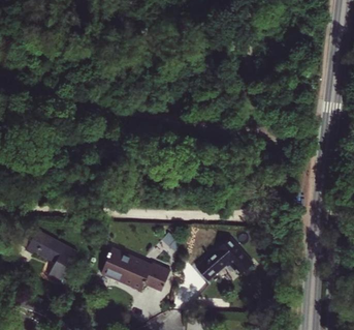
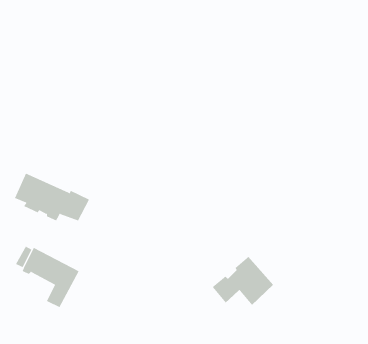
building: [101,246,169,290] -> [14,173,90,221]

